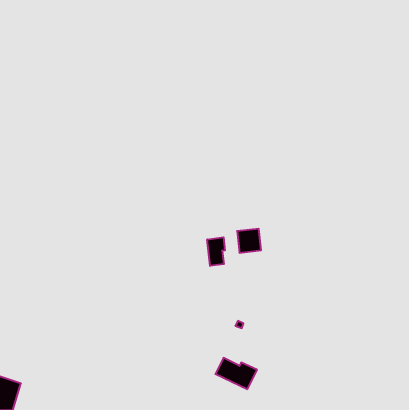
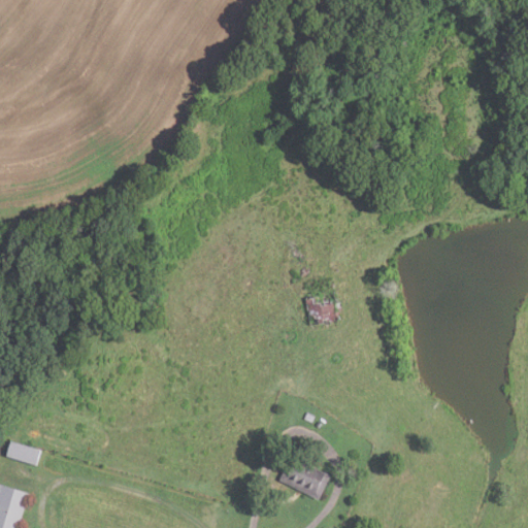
building: [207,237,225,266] -> none
building: none -> [5,441,39,465]

